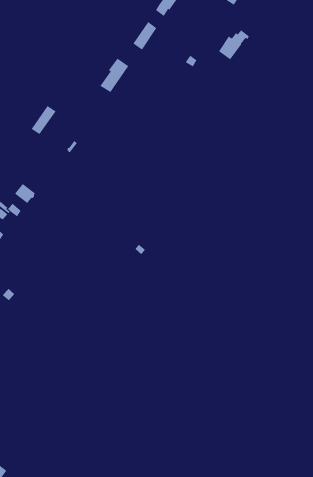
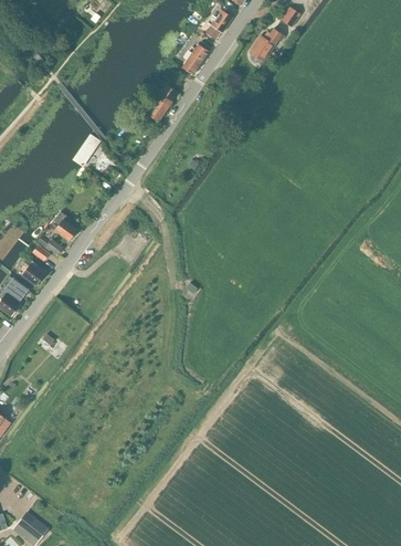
building: [218,29,250,60] -> [250,28,284,61]

